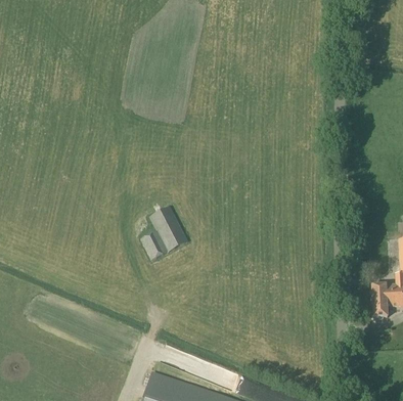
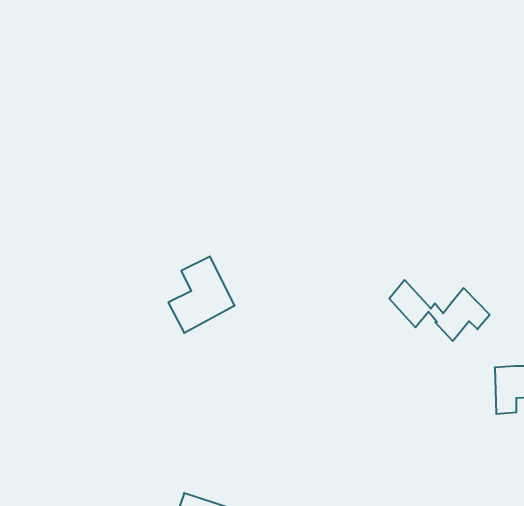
building: none -> [389,280,490,341]

